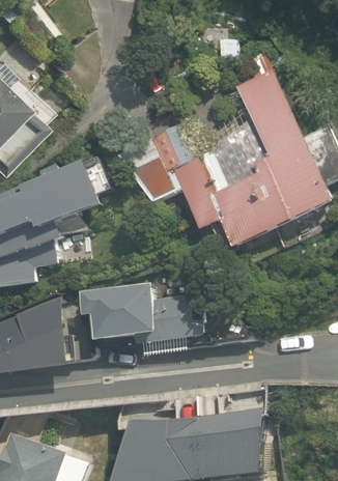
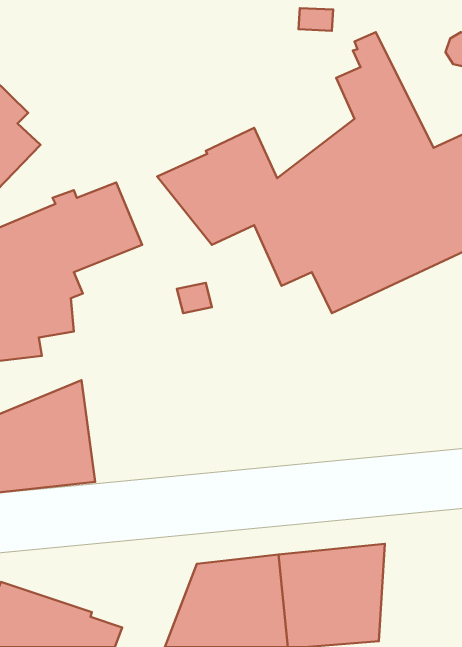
building: [82,284,205,345] -> none

